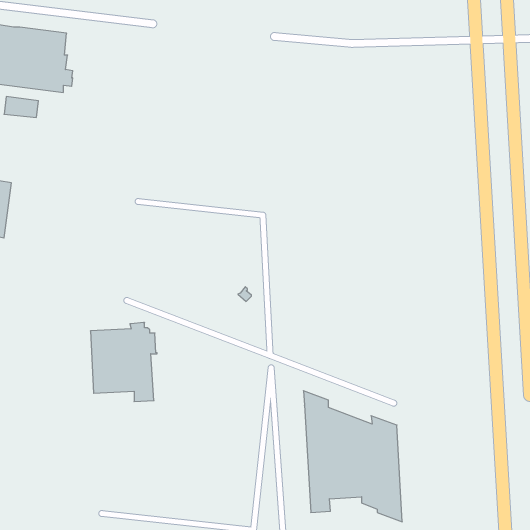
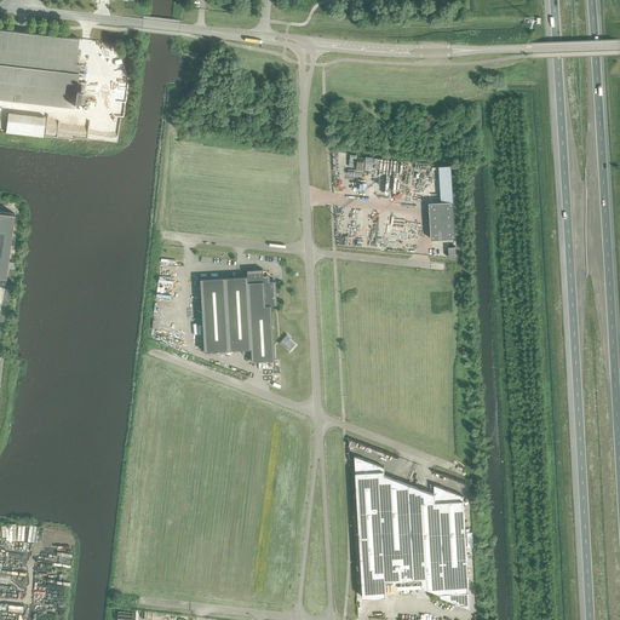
building: none -> [427,166,454,241]
building: [90,323,157,402] -> [199,270,276,362]

